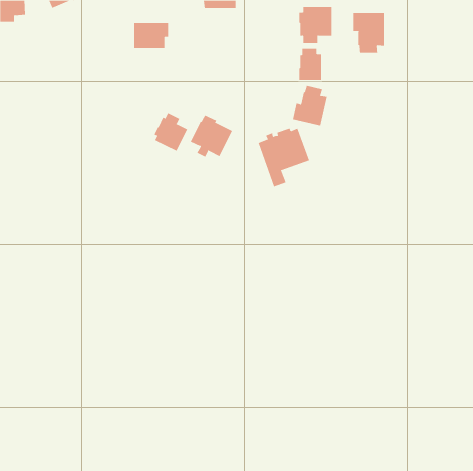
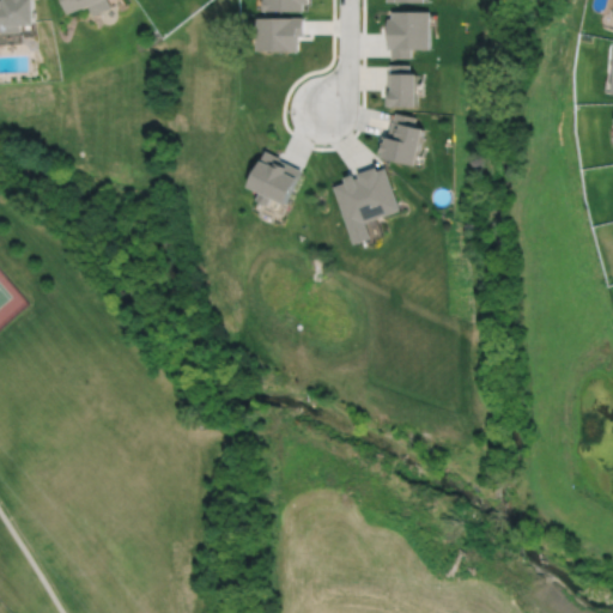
building: [353,12,384,53] -> none
building: [133,22,169,48] -> [255,18,302,51]
building: [153,112,188,152] -> none

